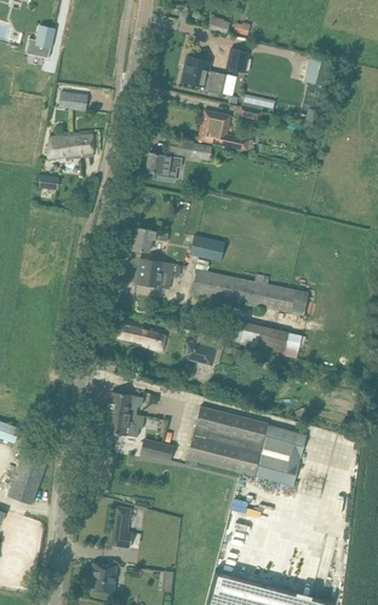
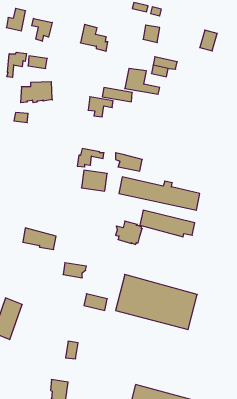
building: none -> [32,18,52,41]
building: [181,56,220,94] -> [80,24,108,51]
building: none -> [7,52,27,77]
building: [118,319,166,351] -> [23,228,56,250]
building: [105,410,144,437] -> none

